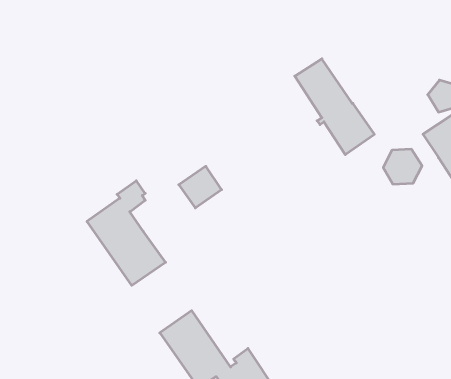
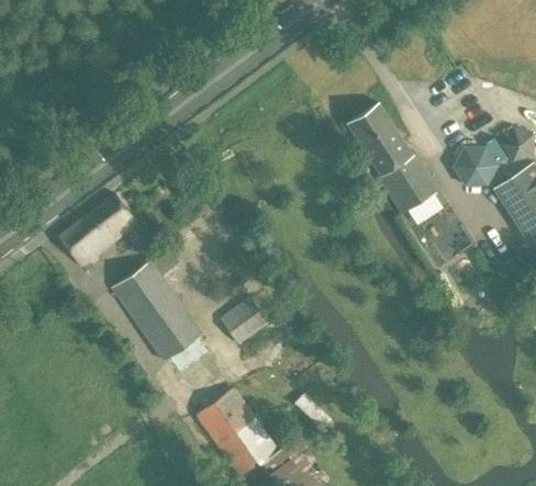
building: none -> [59,195,136,265]
building: [383,149,422,184] -> [453,147,496,187]
building: [179,166,222,208] -> [220,297,268,344]

